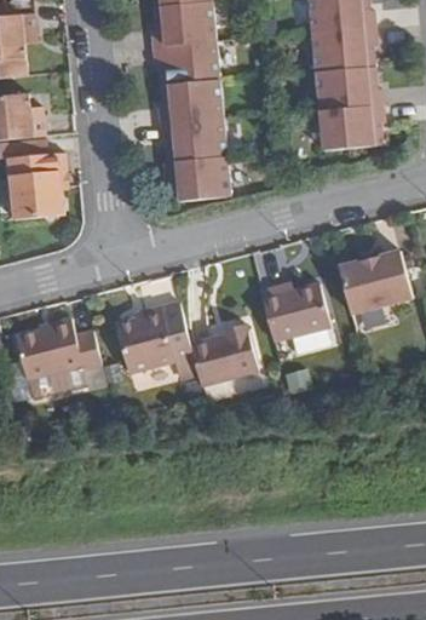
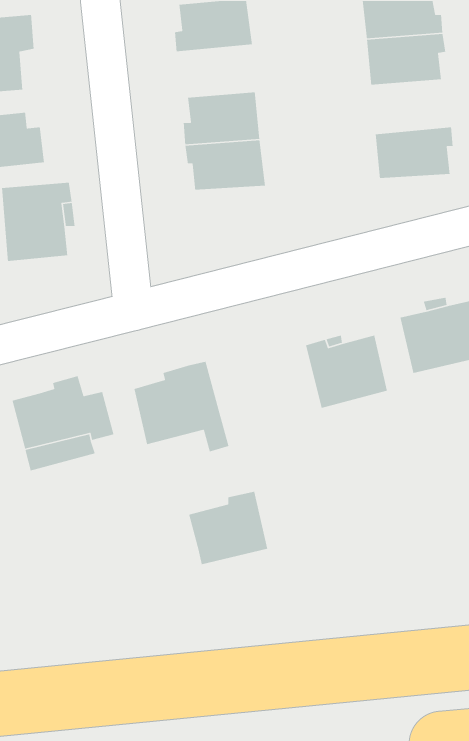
building: [152,39,219,82] -> none
building: [315,68,382,113] -> none
building: [163,156,231,197] -> none
building: [189,322,255,384] -> [188,491,268,565]

